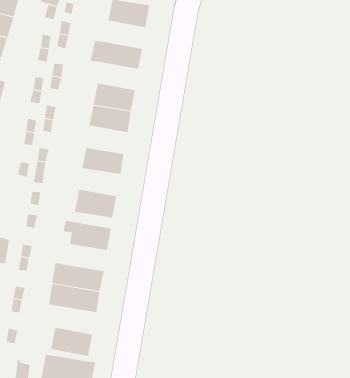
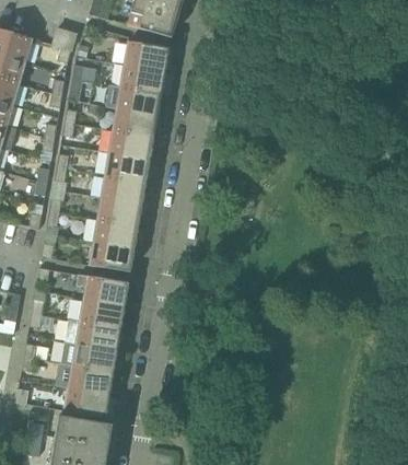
building: none -> [119,63,164,93]
building: none -> [113,107,156,137]
building: none -> [101,174,145,204]
building: none -> [93,219,138,248]
building: none -> [70,299,124,327]
building: none -> [57,362,113,394]

